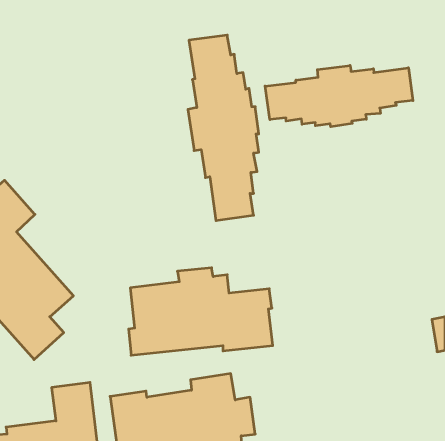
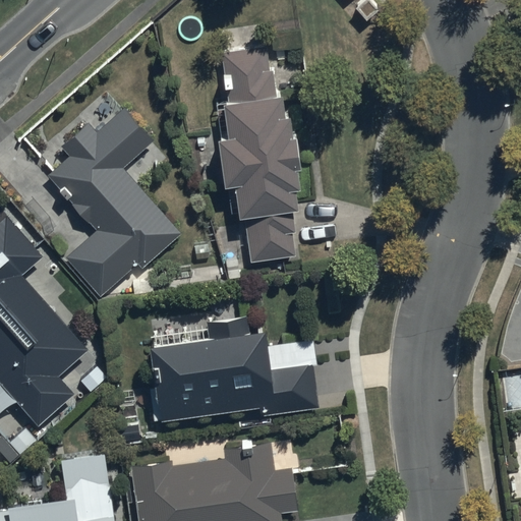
building: [265,65,413,127] -> none
building: none -> [47,108,182,297]

